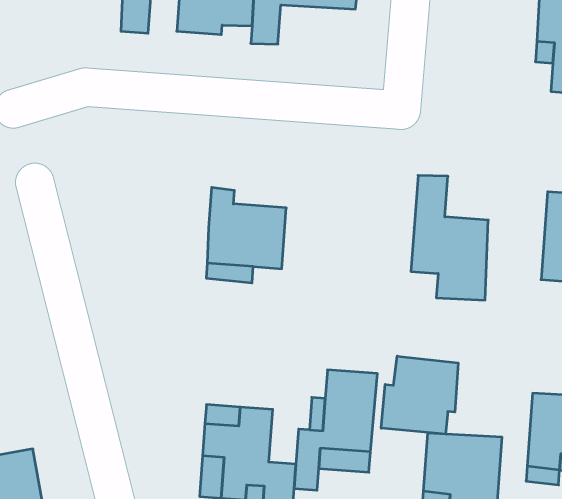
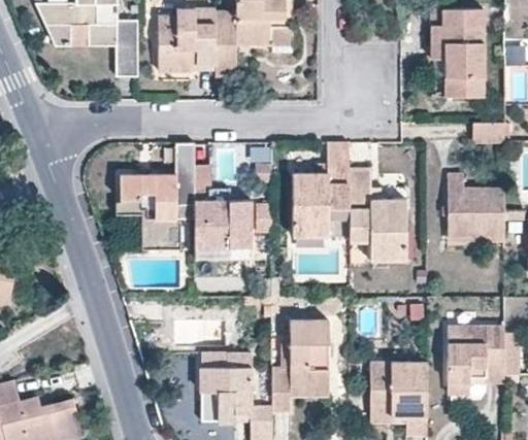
building: none -> [120,143,193,244]
building: none -> [291,142,349,236]
building: [381,356,458,434] -> none

